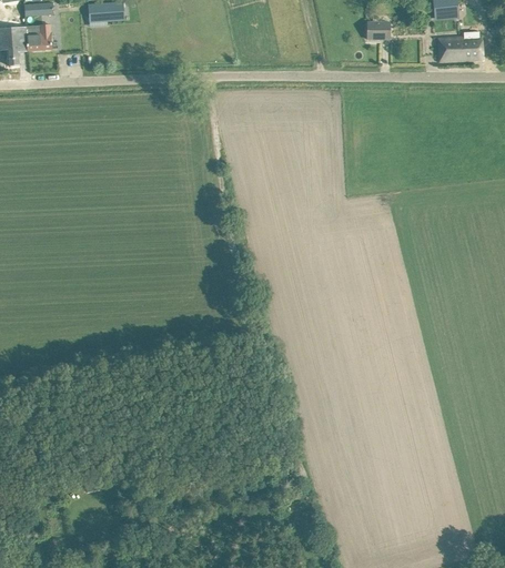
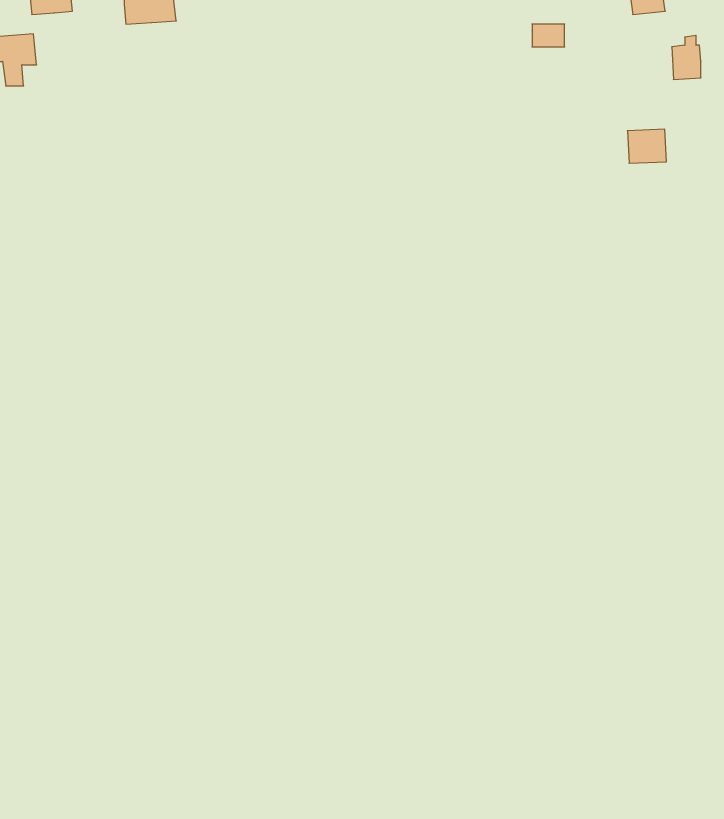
building: [26,23,51,49] -> none
building: [436,37,463,60] -> [627,129,666,163]

